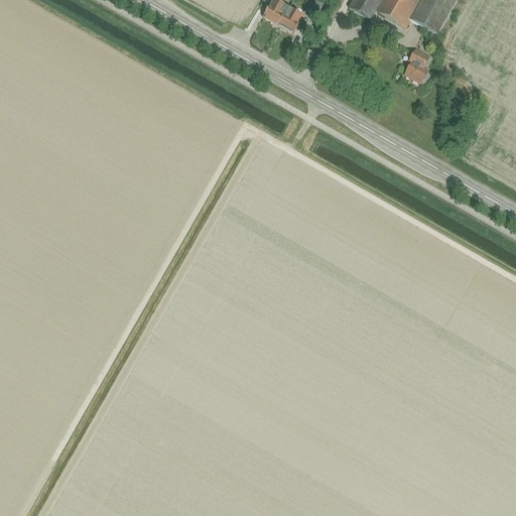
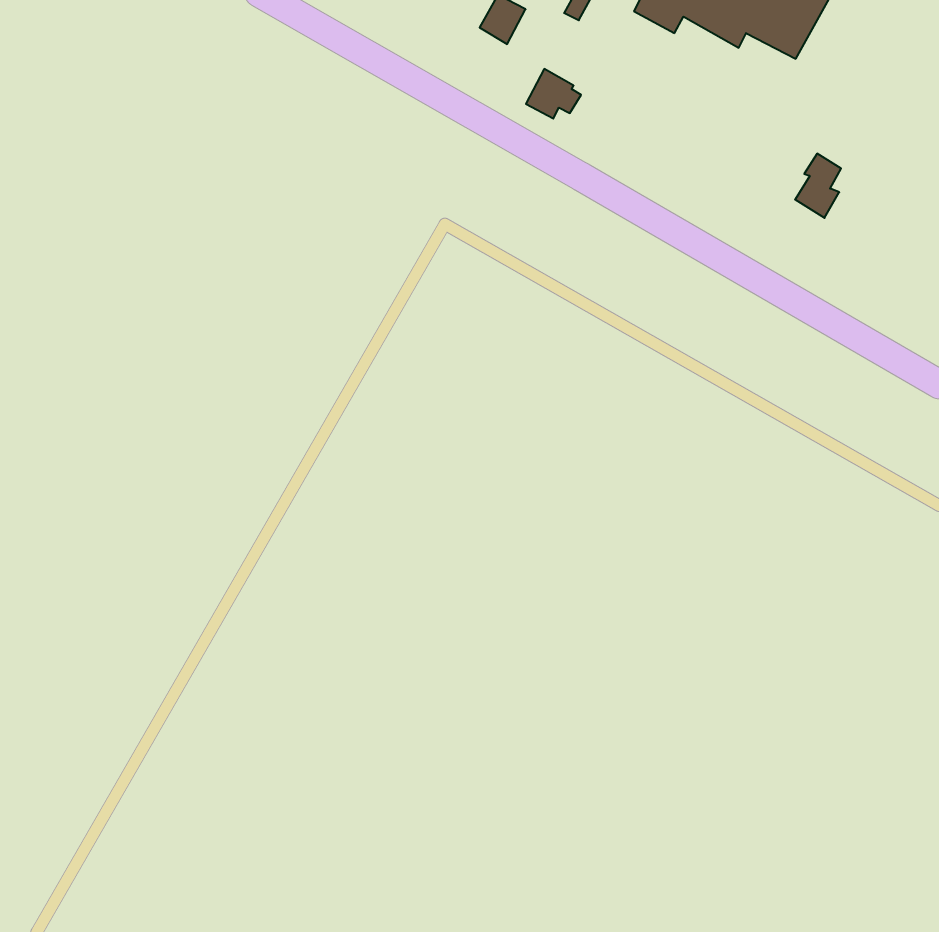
building: [278,5,308,32] -> [526,69,581,119]
building: [404,47,429,83] -> [795,154,841,218]

